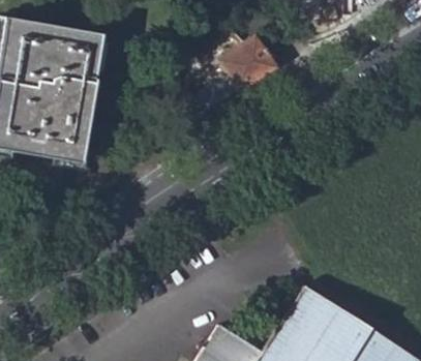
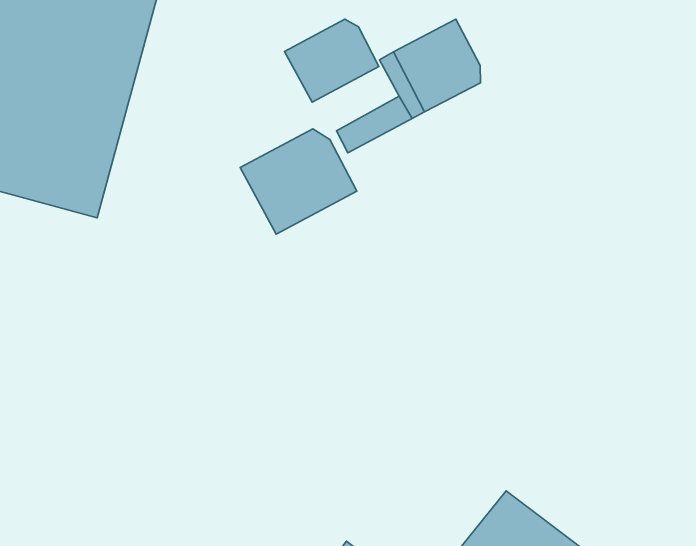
building: none -> [284,19,379,102]
building: none -> [240,129,357,234]

